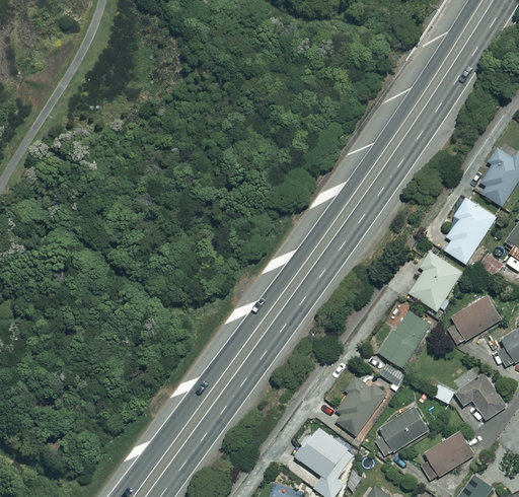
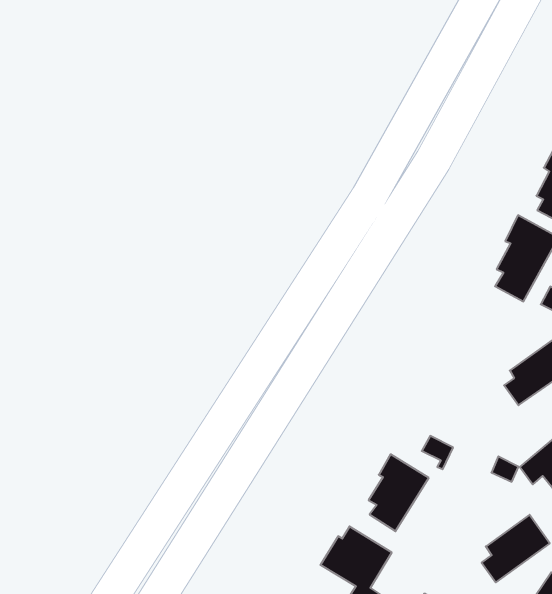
building: [409,250,462,310] -> none
building: [378,310,431,368] -> none
building: [379,406,428,451] -> none

